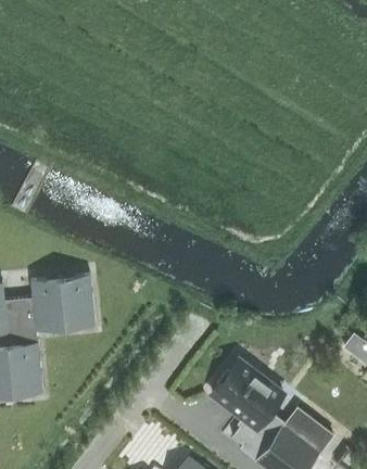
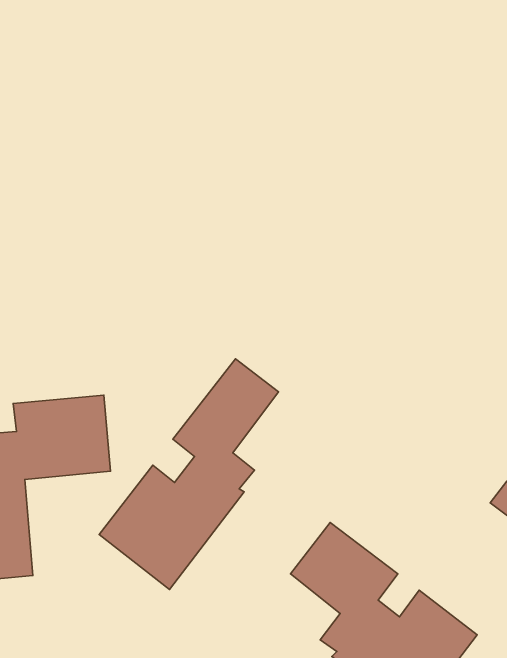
building: none -> [99,359,279,589]

